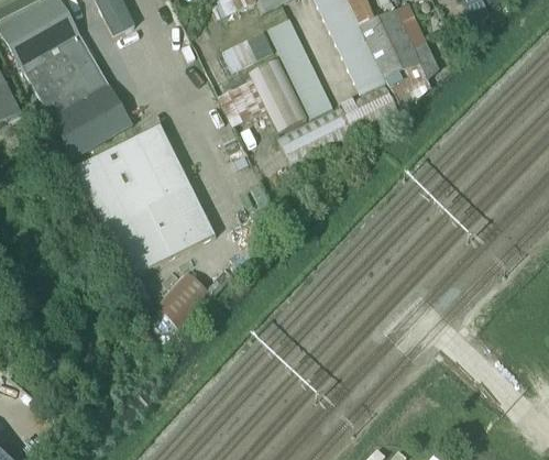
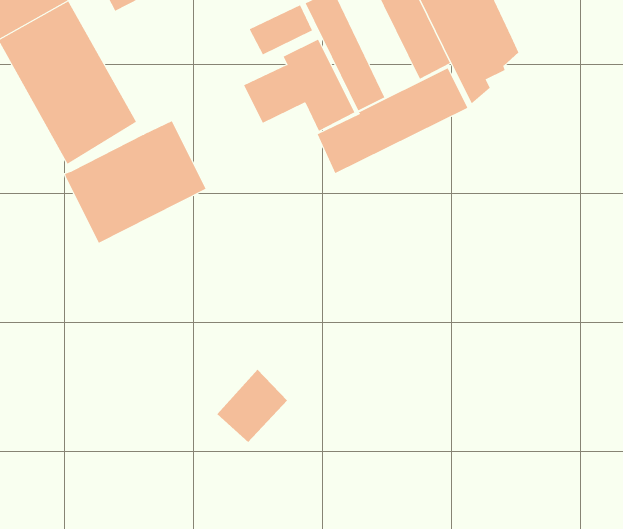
building: [99,177,215,276] -> none
building: [152,267,209,327] -> [217,369,288,443]

